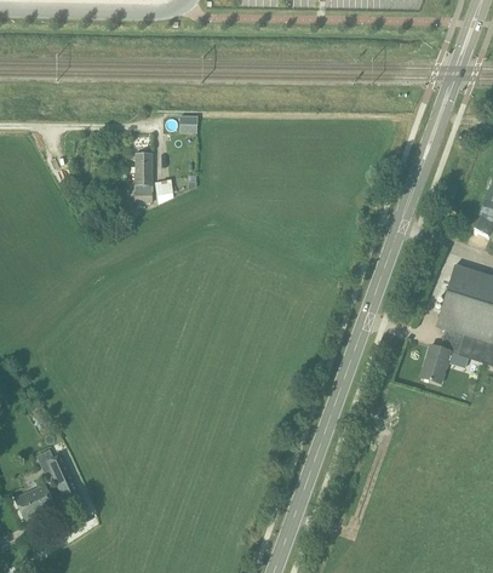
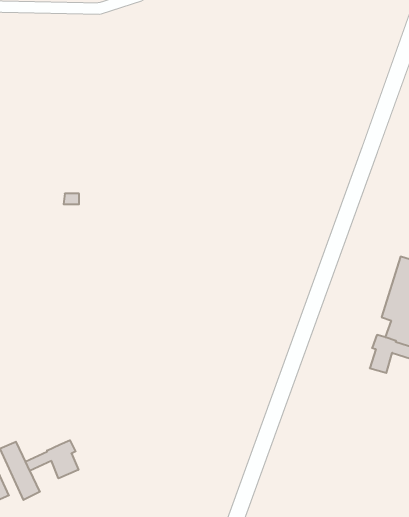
building: [131,151,153,201] -> none
building: none -> [26,440,78,478]

